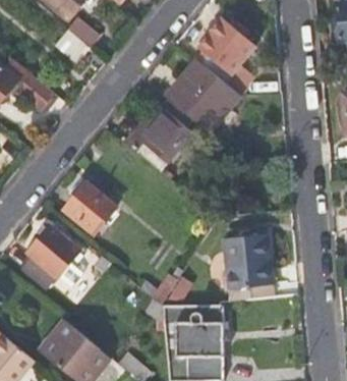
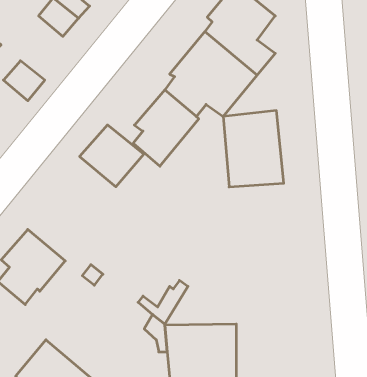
building: [63,182,117,234] -> [80,125,144,187]
building: [223,233,274,297] -> [223,111,284,187]

